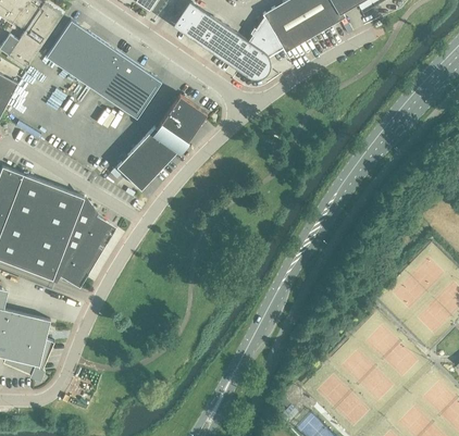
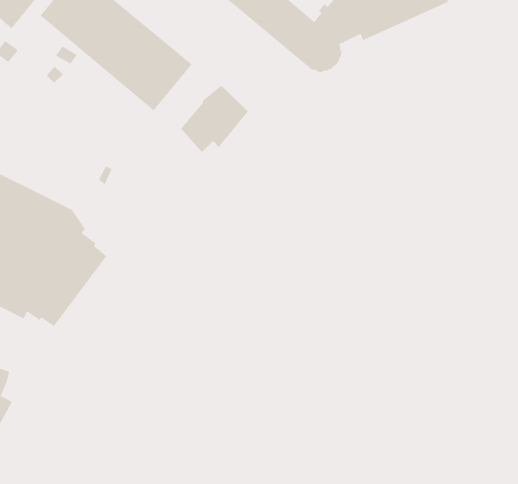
building: [115,126,178,189] -> none

